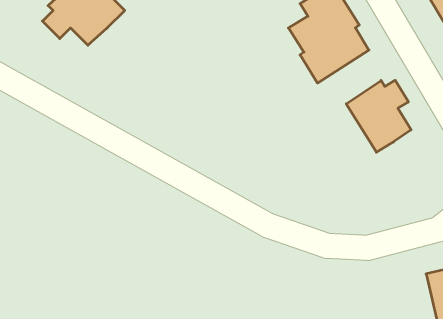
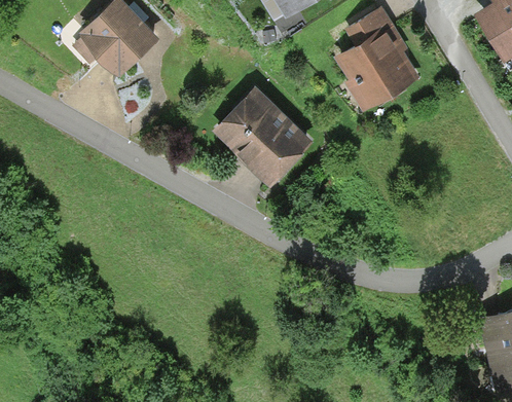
building: none -> [213,86,312,185]
building: [346,80,411,152] -> none

